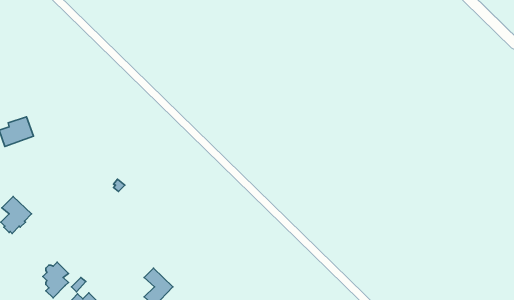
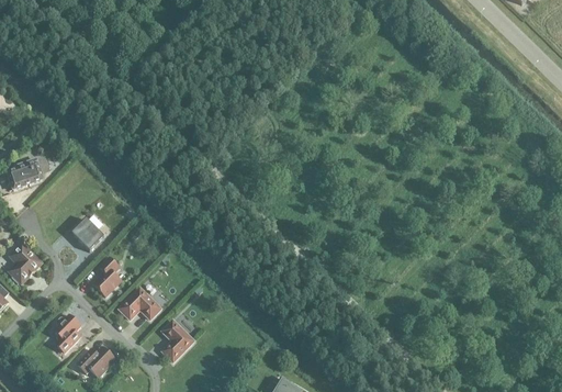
building: none -> [67,226,98,257]
building: none -> [92,256,120,294]
building: none -> [119,288,159,317]

